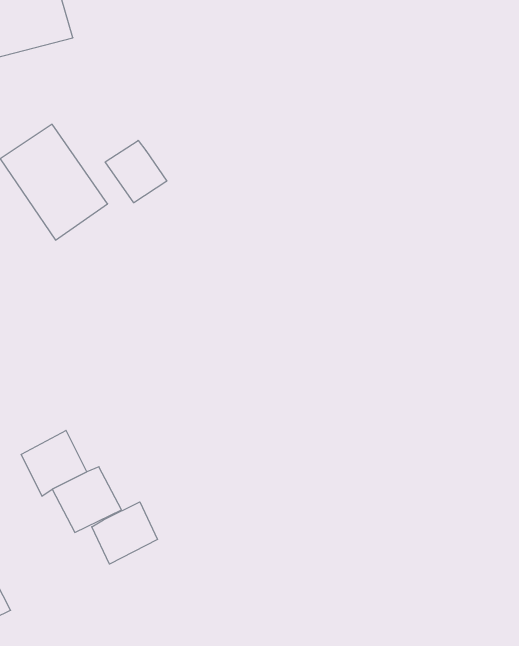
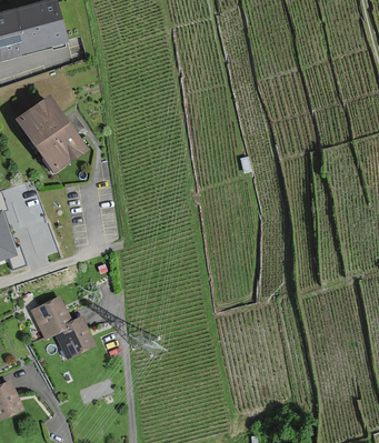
building: [105,140,167,203] -> none
building: [92,502,158,564] -> none

